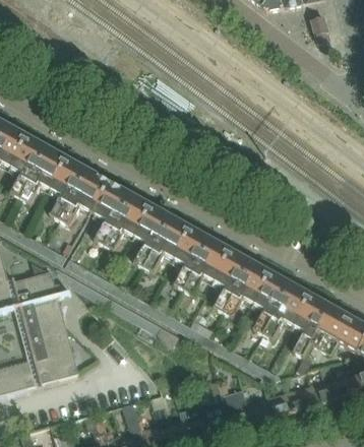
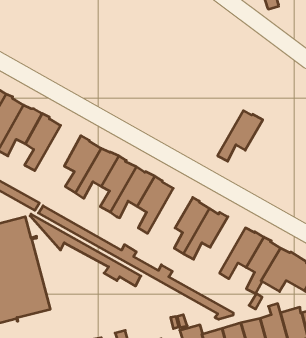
building: [61,170,109,225] -> none
building: [185,239,235,295] -> [218,111,263,161]
building: [254,270,293,332] -> none

